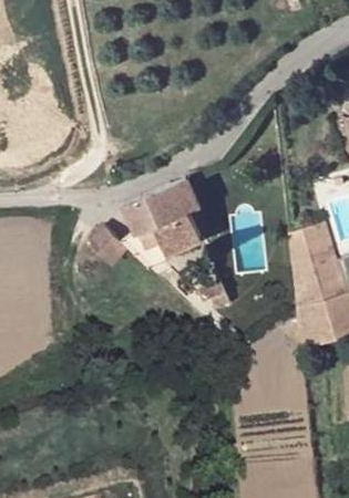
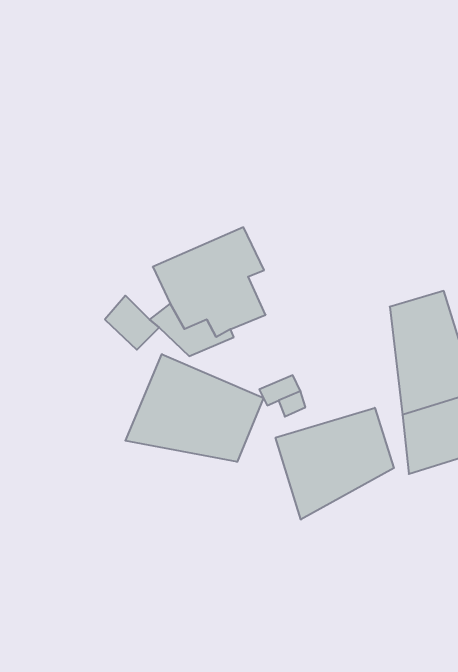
building: none -> [125,354,263,462]
building: none -> [276,408,394,520]

